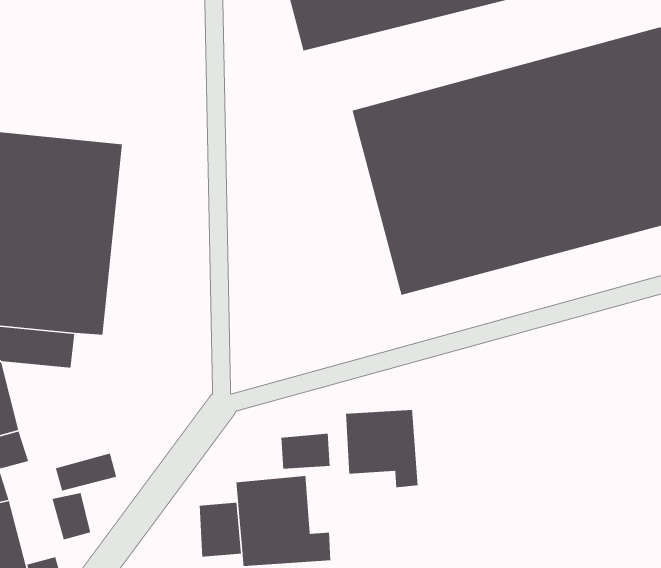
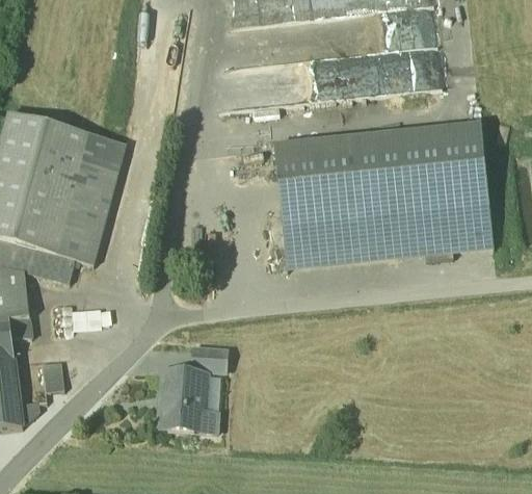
building: [345,409,418,488] -> none
building: [55,452,117,491] -> none
building: [199,502,242,557] -> none

